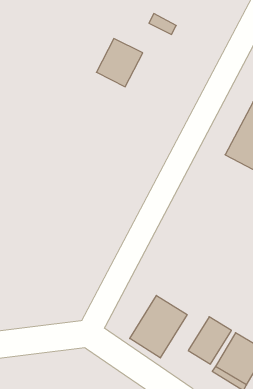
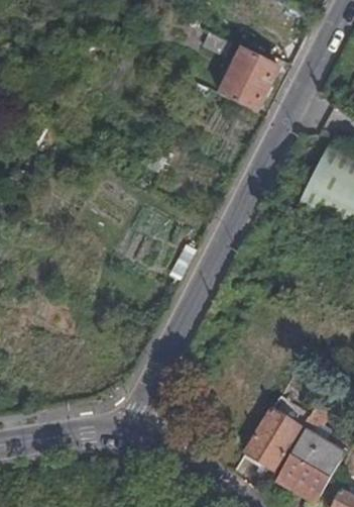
building: [96,39,143,87] -> [220,47,278,108]
building: [130,295,187,358] -> none

